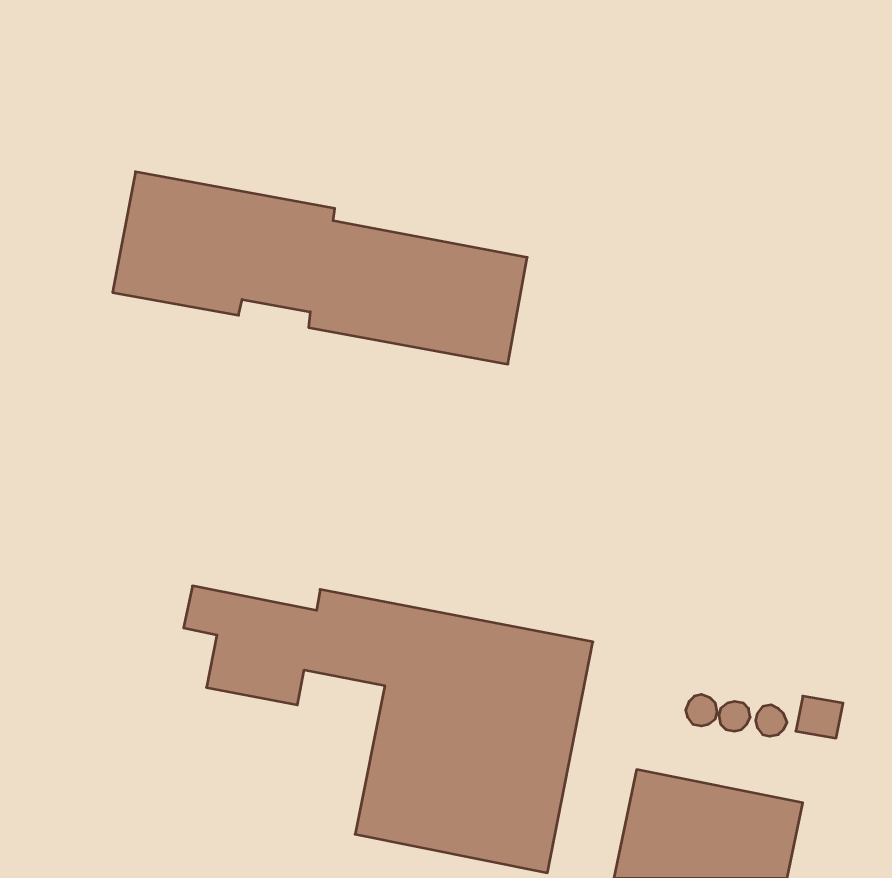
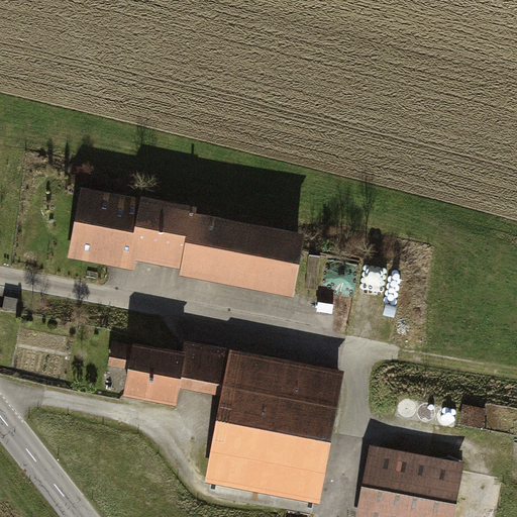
building: [113,172,527,364] -> [65,187,304,298]

